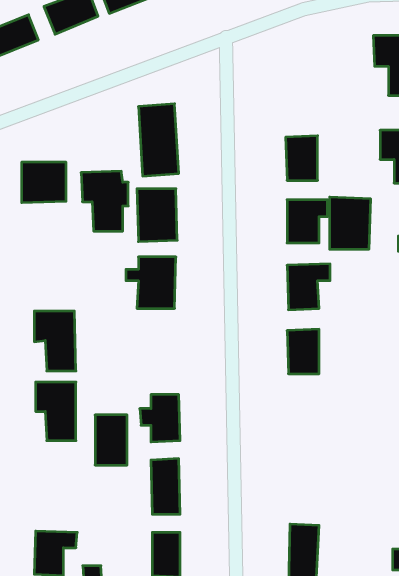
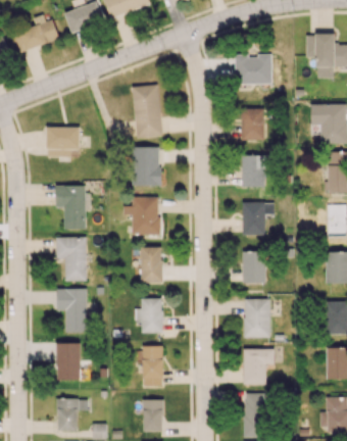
building: none -> [236,55,271,85]
building: [81,171,128,231] -> [55,185,90,229]
building: [330,197,370,249] -> none
building: none -> [141,247,162,283]
building: none -> [244,298,270,338]
building: [95,415,127,465] -> [57,343,81,380]
building: none -> [243,349,274,384]

